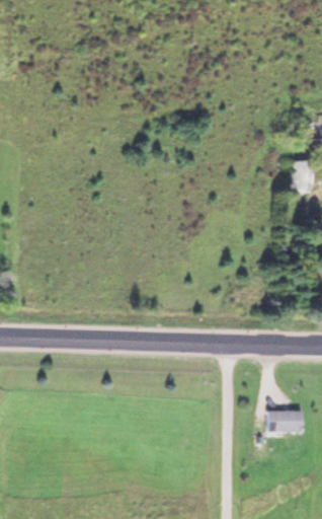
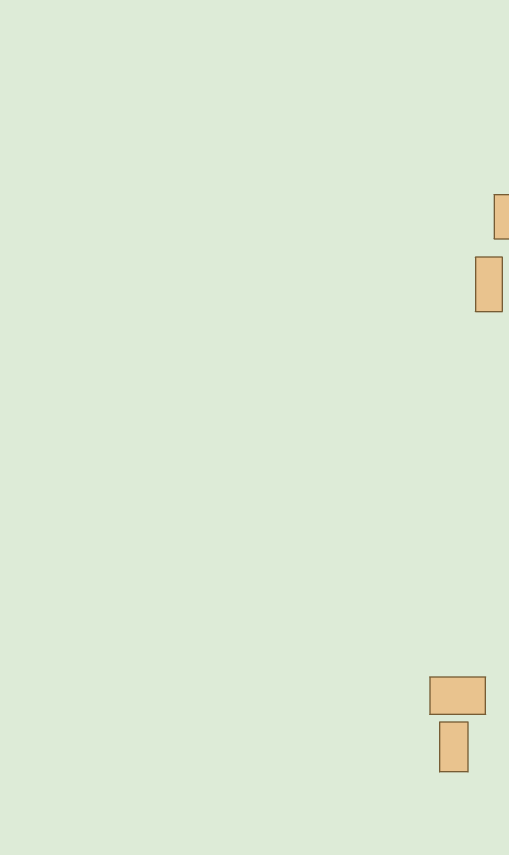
building: none -> [440,722,468,772]

